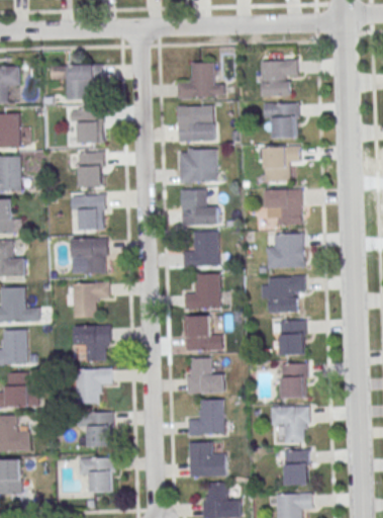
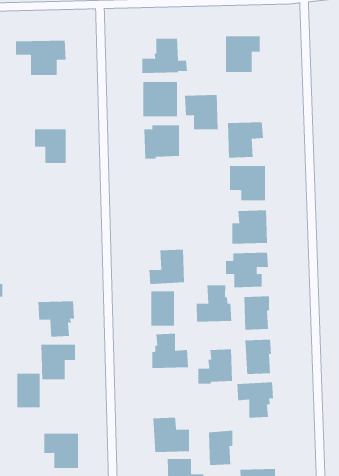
building: [265,102,299,138] -> [184,94,218,130]
building: [72,107,104,143] -> none
building: [182,190,217,225] -> none
building: [73,194,105,230] -> none
building: [183,231,219,266] -> none
building: [72,238,108,274] -> none
building: [72,282,109,317] -> none
building: none -> [196,284,232,323]
building: [189,400,224,435] -> [197,349,233,384]
building: [89,412,113,446] -> [16,373,41,408]
building: [285,449,310,485] -> [208,430,233,466]

